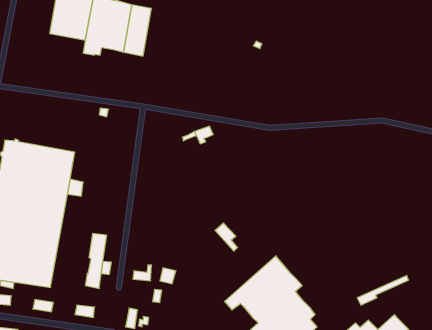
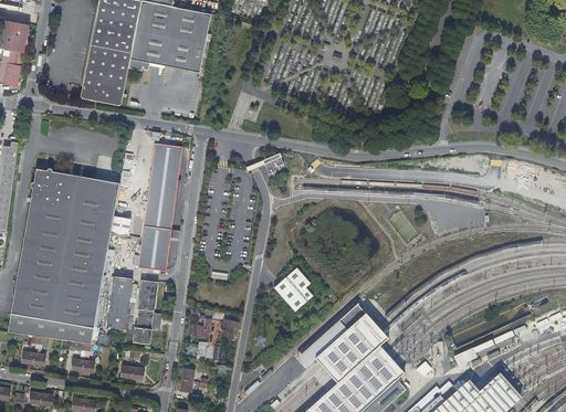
building: none -> [80,43,132,103]
building: none -> [137,144,182,272]
building: none -> [105,275,133,329]
building: none -> [272,276,307,311]

